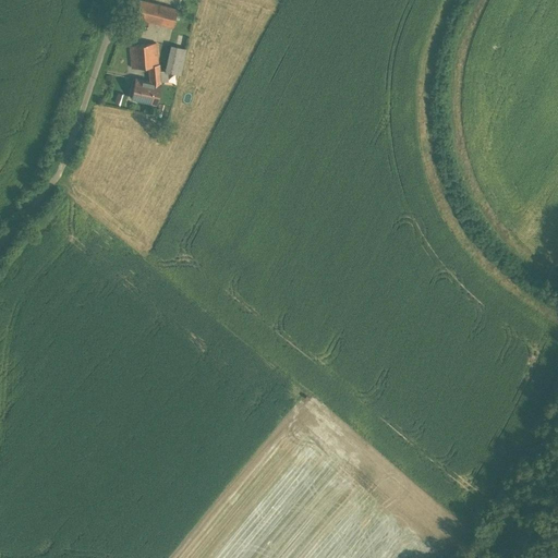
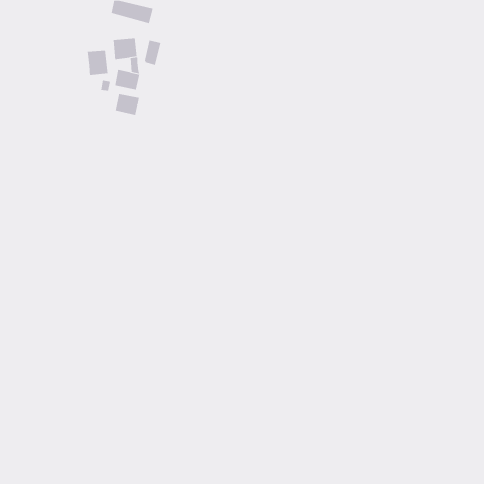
building: none -> [87,50,108,76]
building: none -> [115,93,139,116]

